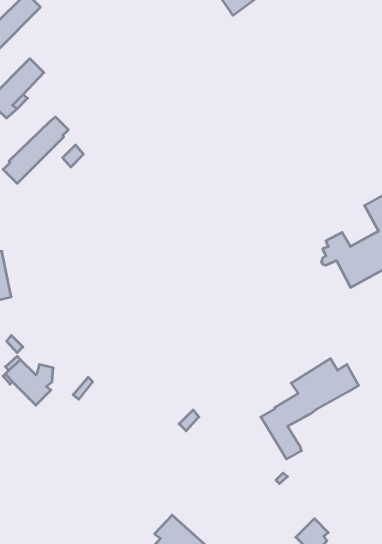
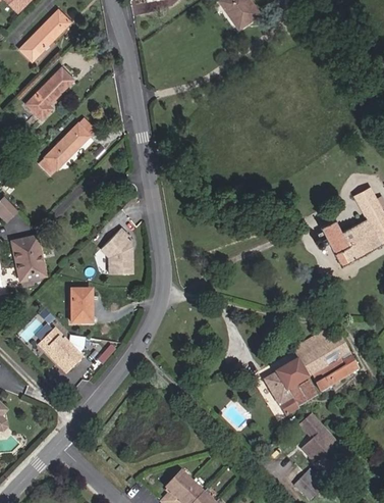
building: none -> [99,225,131,272]
building: none -> [70,290,91,323]
building: none -> [311,356,358,392]
building: none -> [286,378,317,407]
building: none -> [299,414,340,467]

